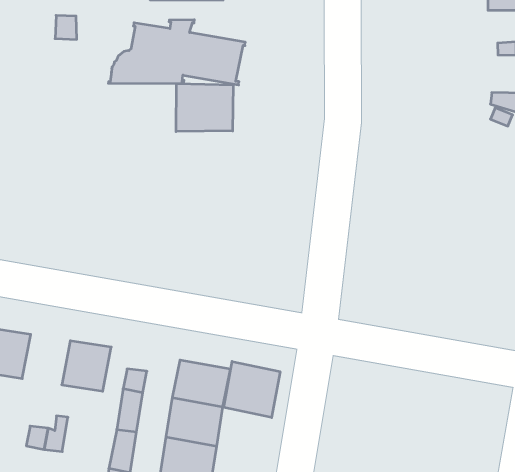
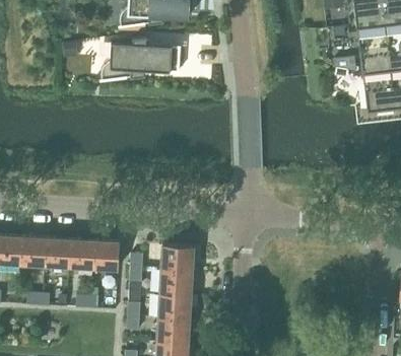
building: [176,84,233,132] -> none
building: none -> [68,239,94,268]
building: [224,361,280,418] -> none

